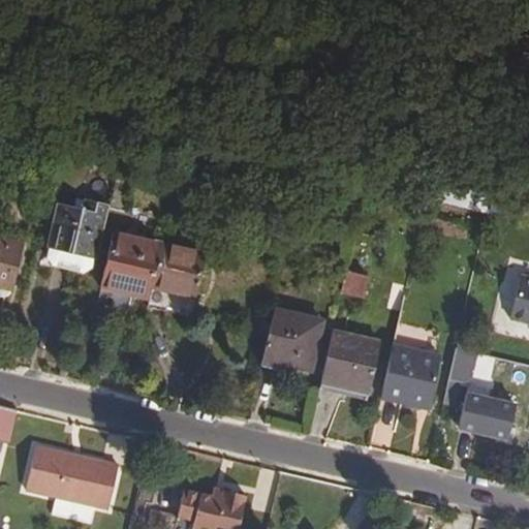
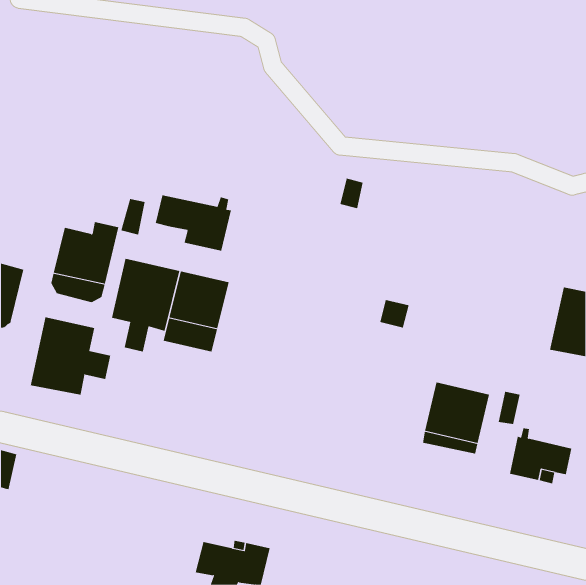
building: none -> [155,195,231,251]
building: none -> [30,317,111,396]
building: [262,309,322,371] -> none
building: [321,331,380,392] -> none
building: [26,445,119,507] -> none

